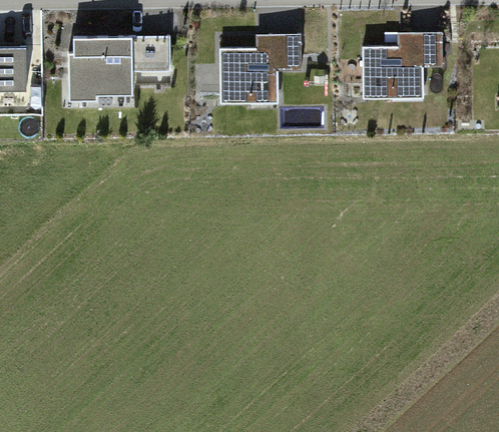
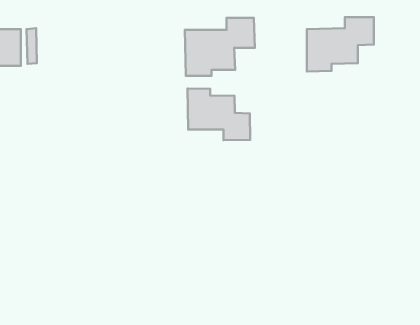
building: [69,36,170,99] -> none
building: none -> [187,88,250,140]

